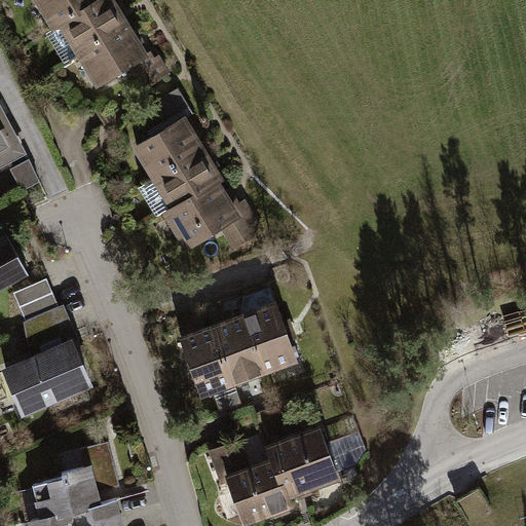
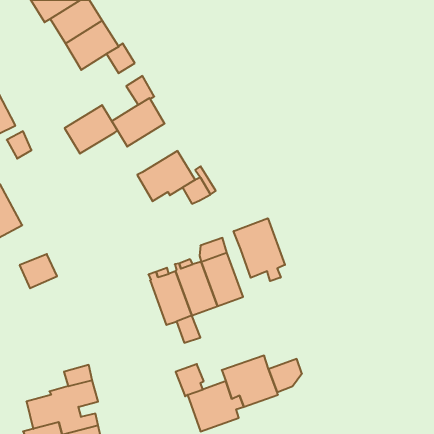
building: [153,151,217,210] -> [65,105,117,154]
building: none -> [234,218,285,281]
building: [11,279,57,322] -> none
building: [4,344,87,412] -> none

